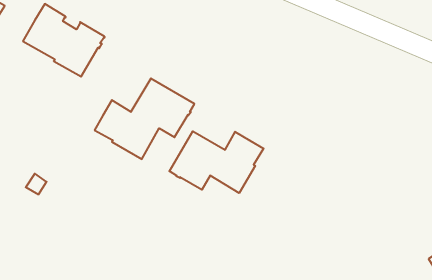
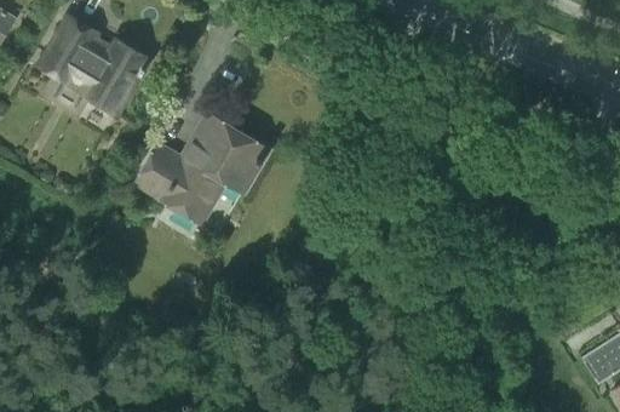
building: [169,131,264,193] -> none

